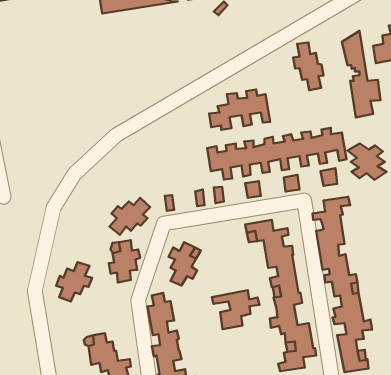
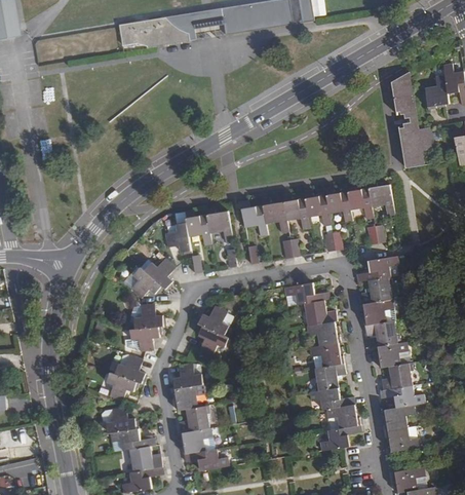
building: [293,42,324,90] -> none
building: [209,89,270,130] -> [165,204,233,250]
building: [348,143,387,180] -> none
building: [56,262,92,302] -> [106,355,146,399]
building: [212,290,259,329] -> none

